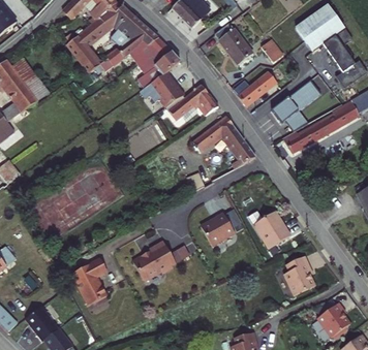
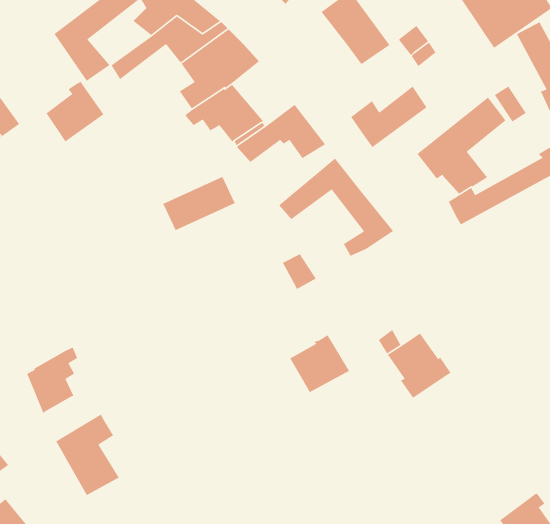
building: none -> [45,81,105,142]
building: none -> [26,346,78,414]
building: [130,242,174,280] -> none
building: [282,254,313,294] -> none

